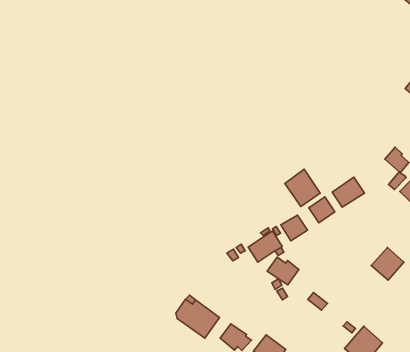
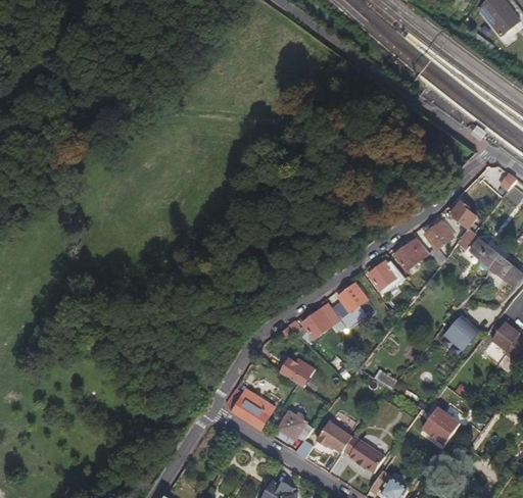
building: none -> [426,218,457,265]
building: [285,169,320,206] -> none
building: [267,257,299,285] -> [276,357,312,388]

